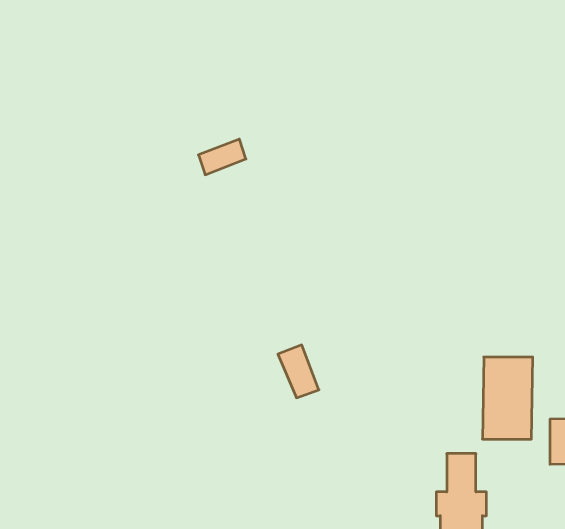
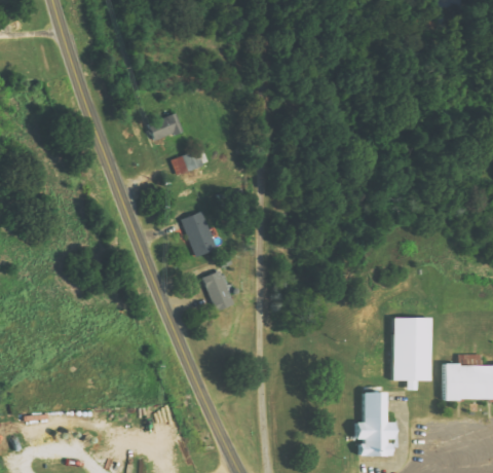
building: none -> [148,112,184,141]
building: none -> [182,210,217,256]
building: [278,345,319,398] -> [202,269,234,311]

